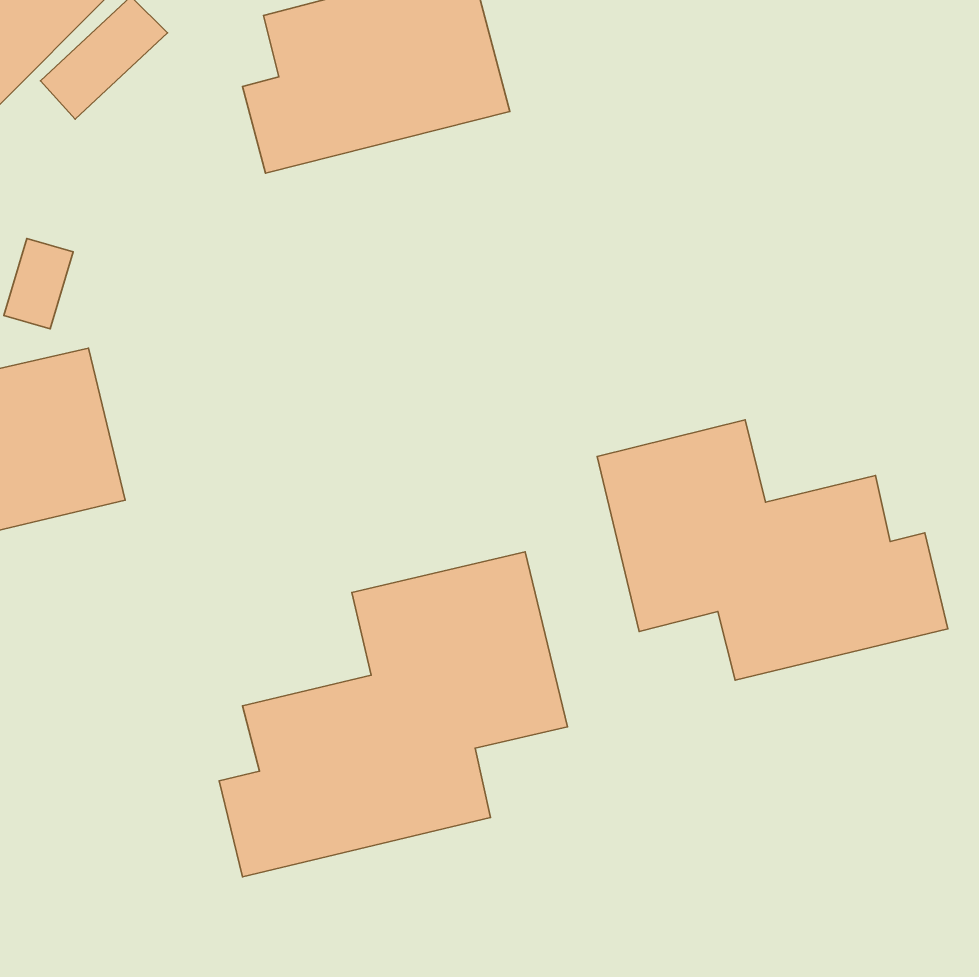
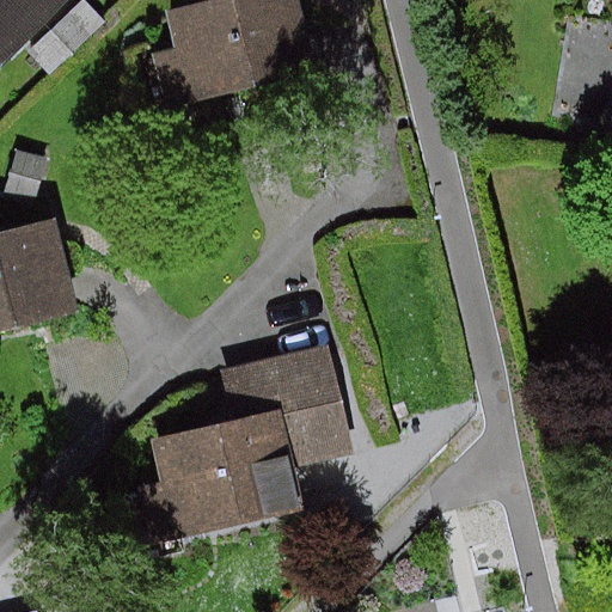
building: [597,420,948,680] -> none

